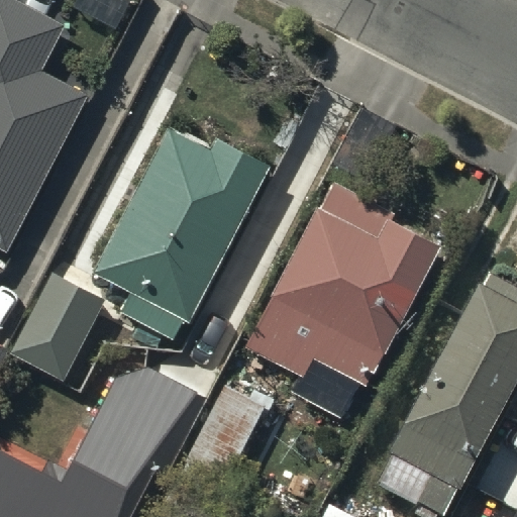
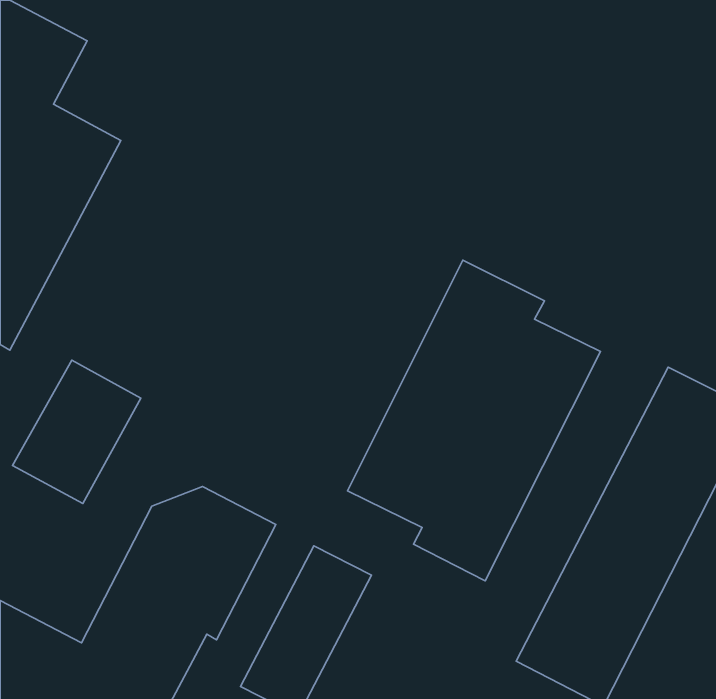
building: [96,127,265,325] -> none

